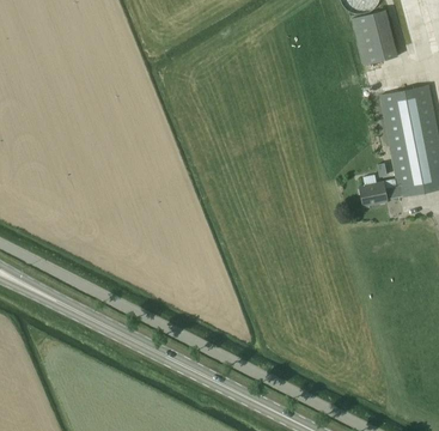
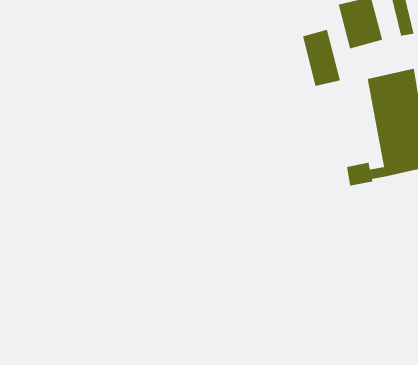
building: none -> [302,29,341,87]

